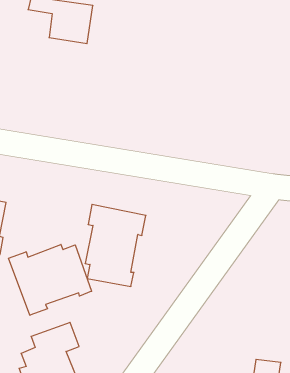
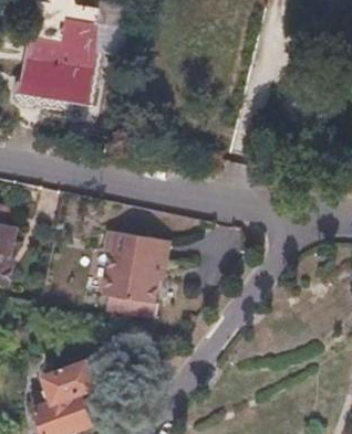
building: none -> [30,18,105,102]
building: [9,244,92,315] -> none

